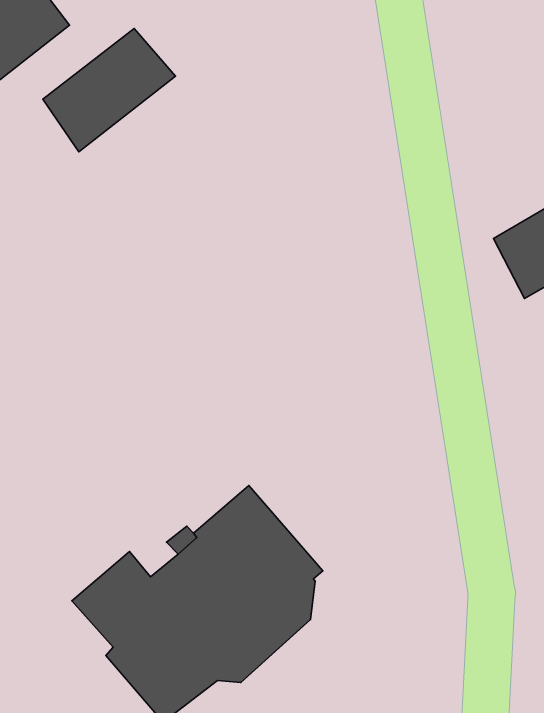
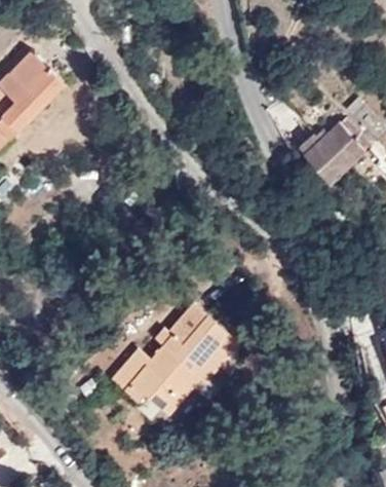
building: [43,29,176,152] -> none

